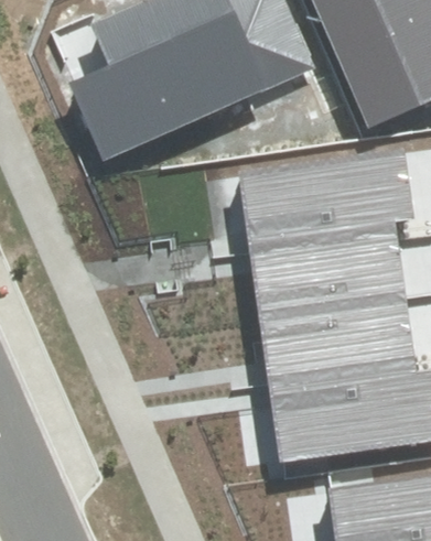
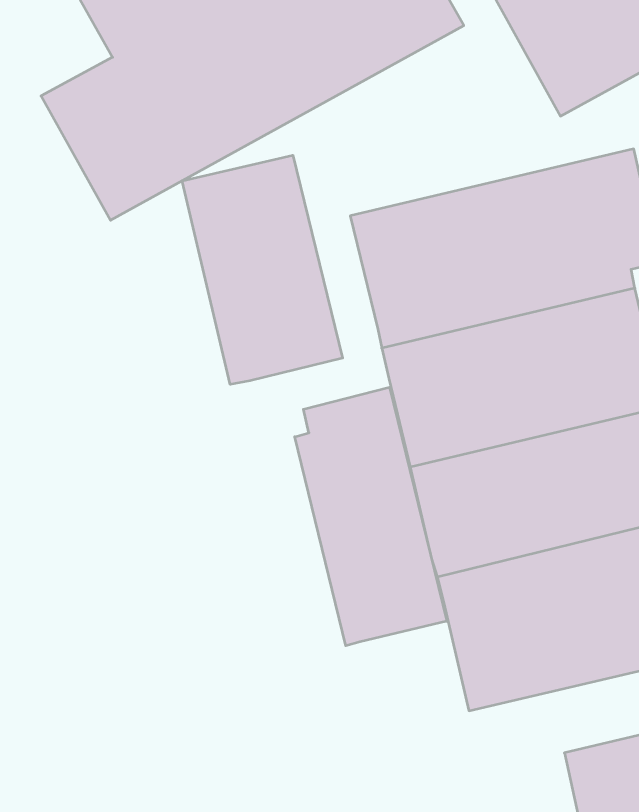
building: none -> [182,155,343,384]
building: none -> [295,387,447,646]

